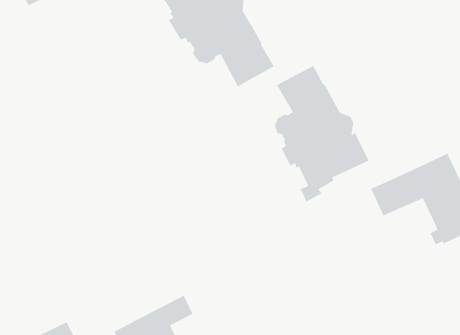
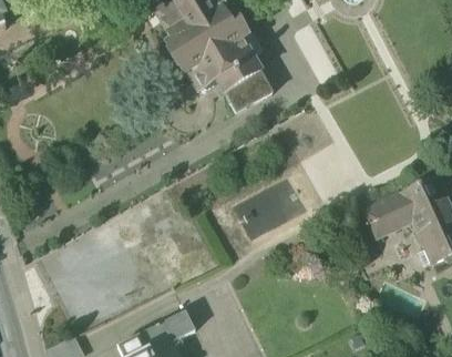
building: [274,65,370,202] -> none

